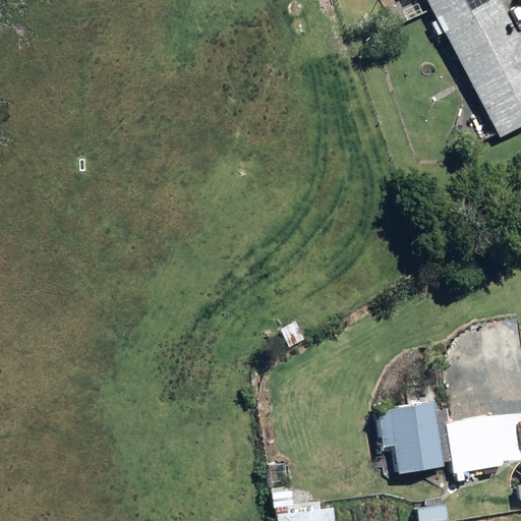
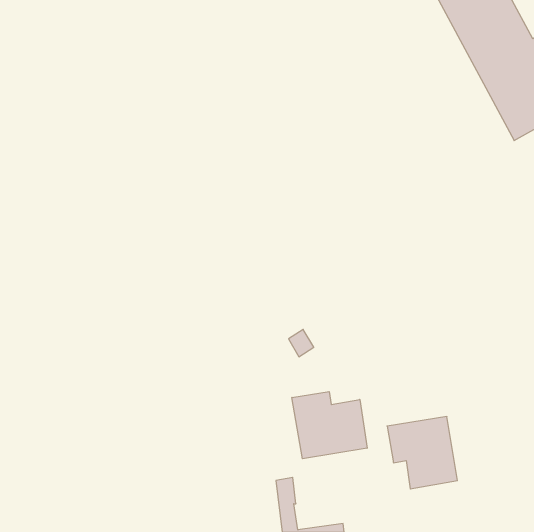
building: none -> [292,392,367,459]
building: [448,418,504,471] -> none

